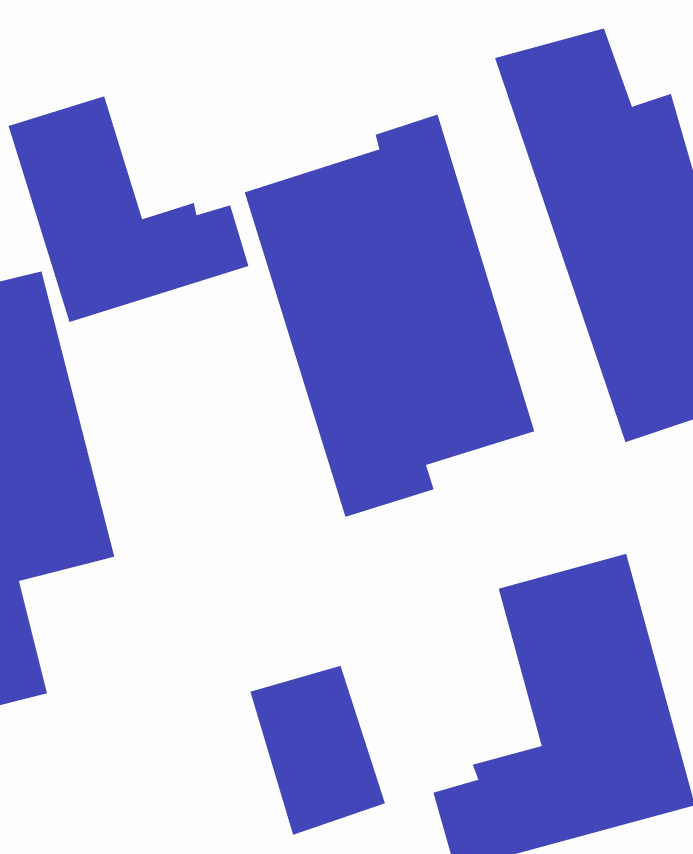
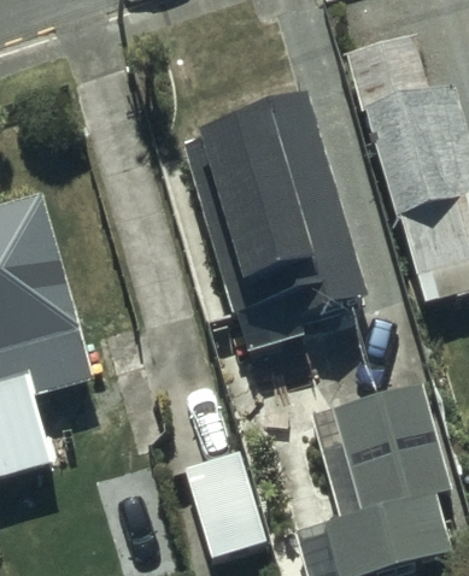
building: [8,96,249,323] -> none

